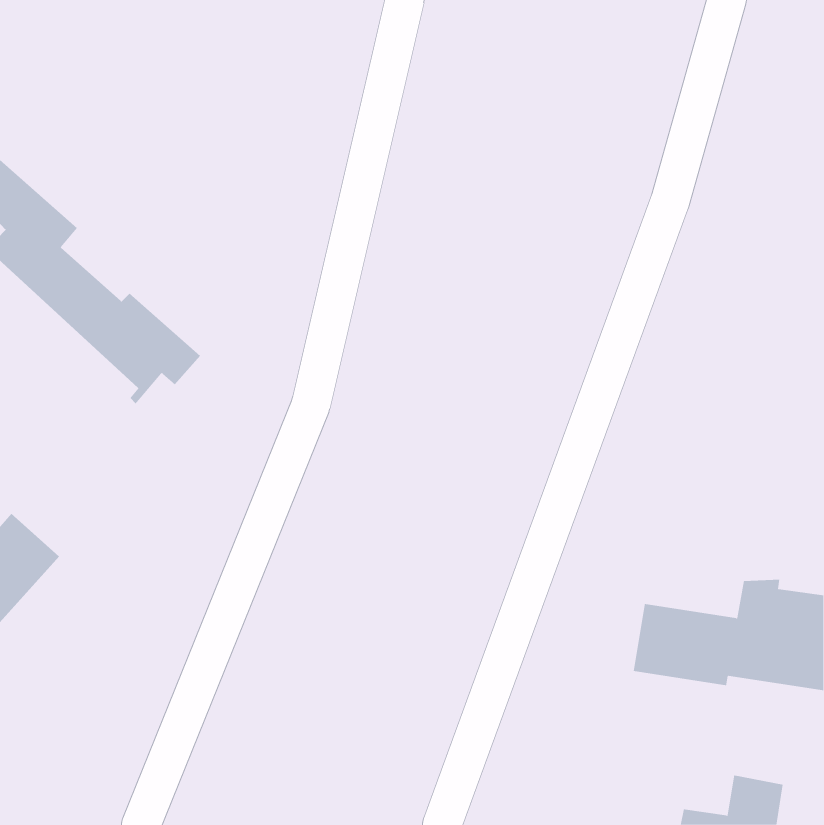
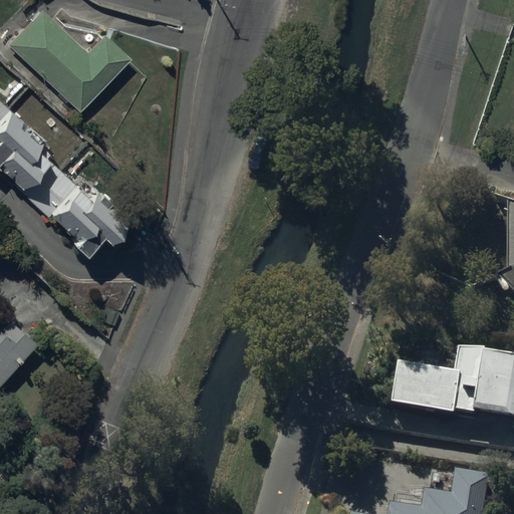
building: none -> [6,10,127,111]

